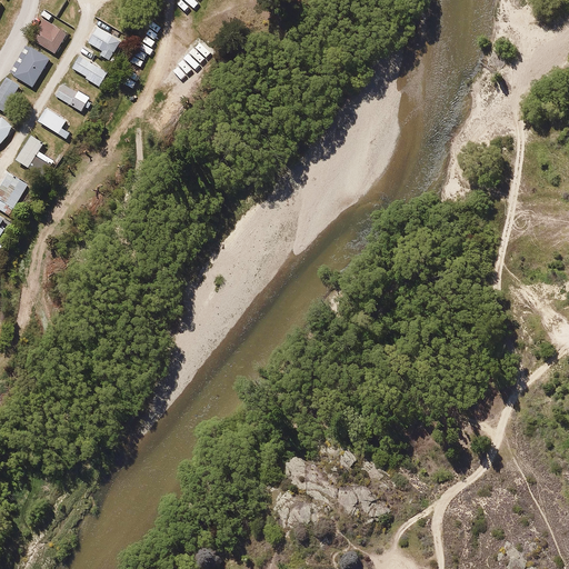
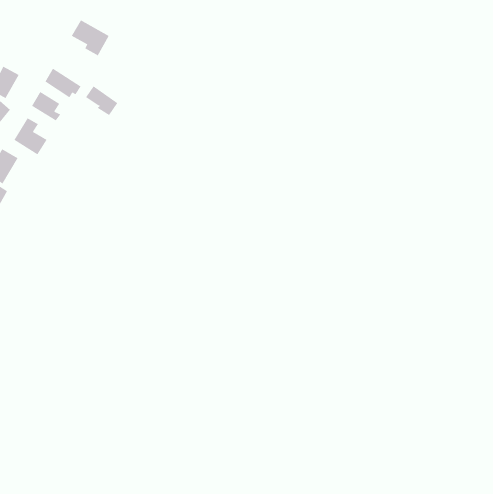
building: [29,16,68,53] -> none
building: [13,46,48,86] -> none
building: [69,53,107,88] -> [85,86,118,116]

